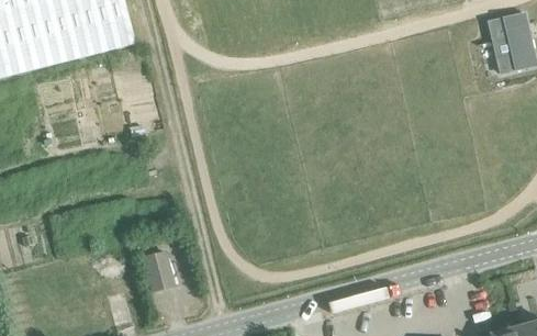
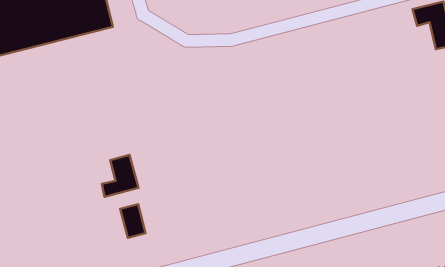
building: none -> [102,155,139,197]

